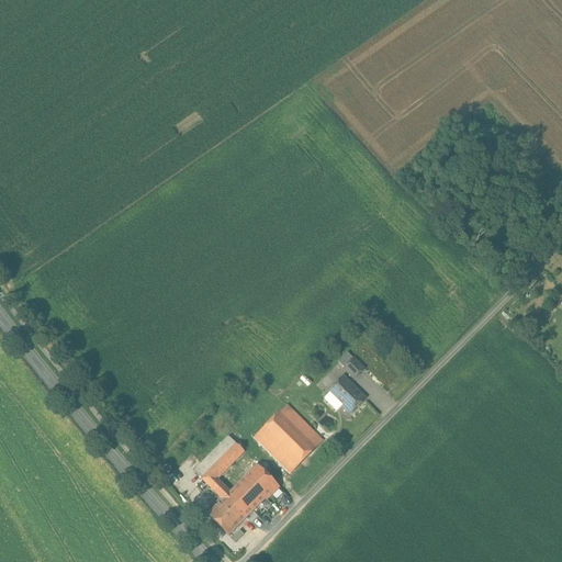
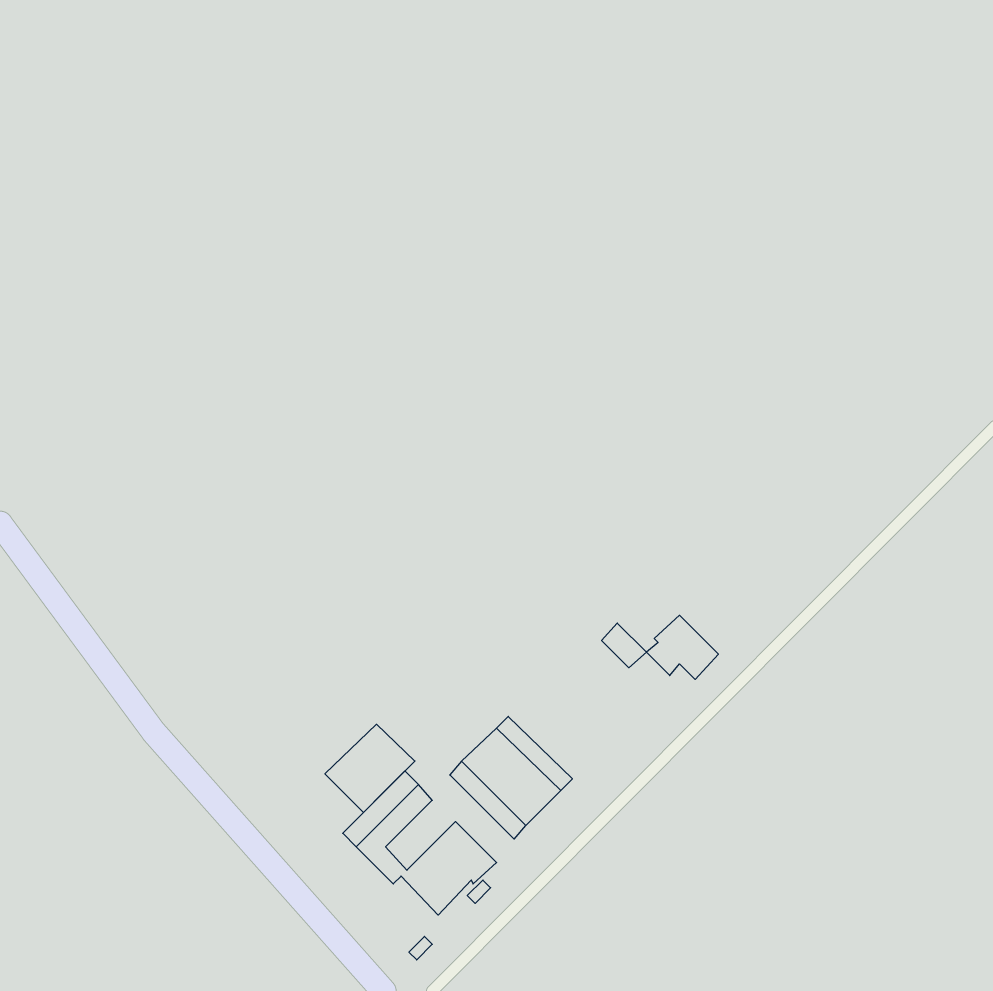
building: [325,375,366,412] -> [646,615,718,679]
building: none -> [325,724,415,812]
building: [209,494,248,535] -> none

